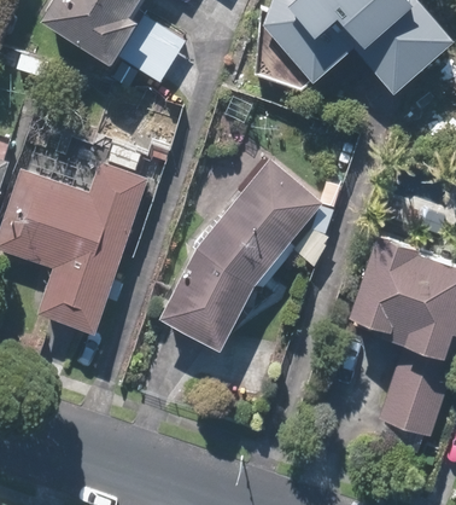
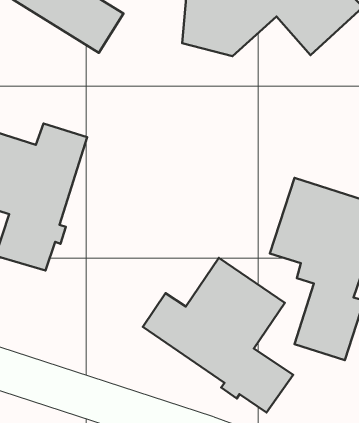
building: [160,158,323,347] -> none
building: none -> [143,258,293,412]

